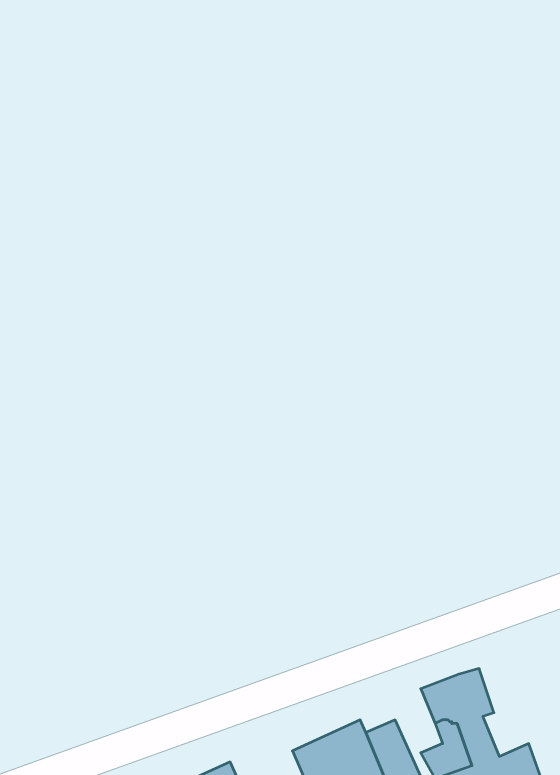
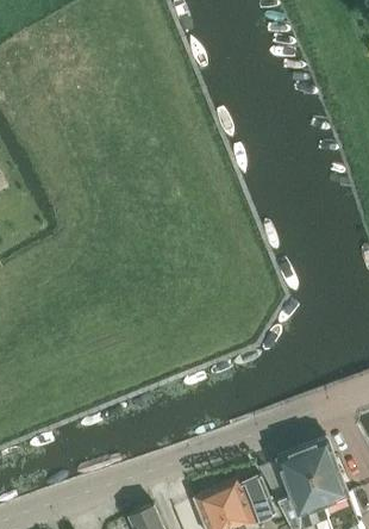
building: none -> [314,440,346,502]

